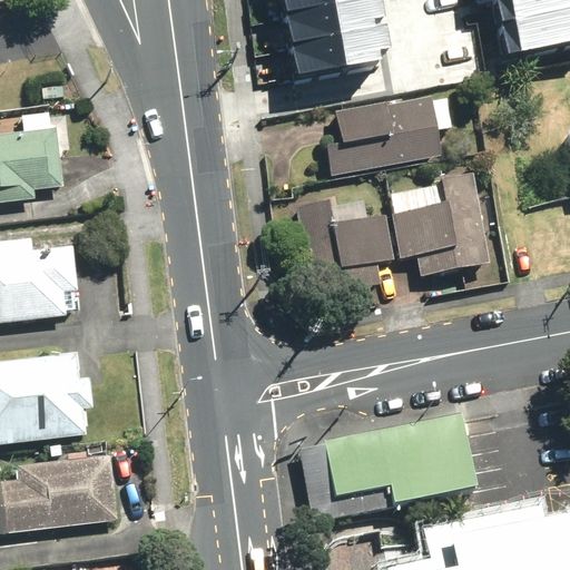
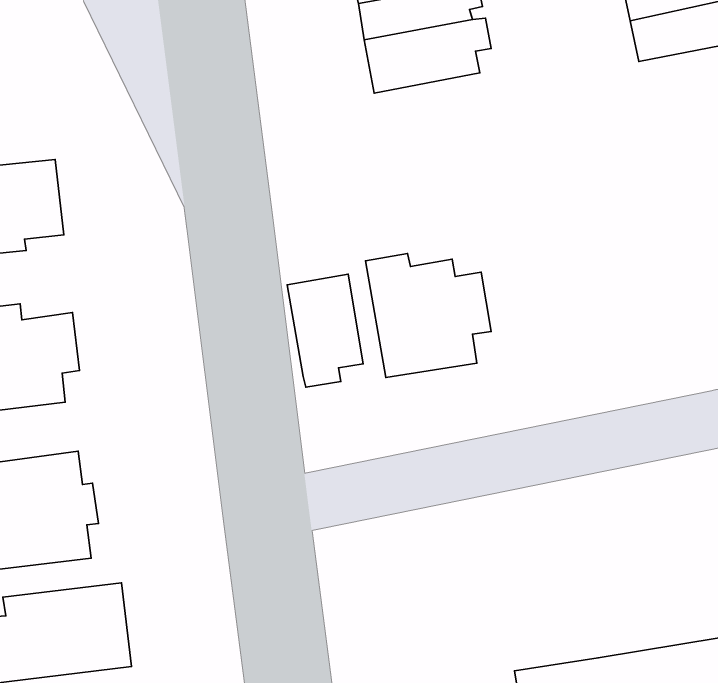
building: [326,97,450,175] -> none
building: [387,176,488,277] -> none
building: none -> [287,274,363,387]
building: [317,412,471,503] -> none

